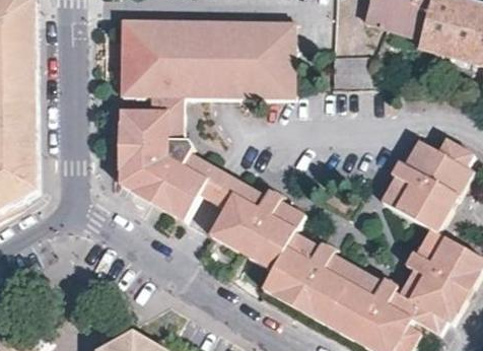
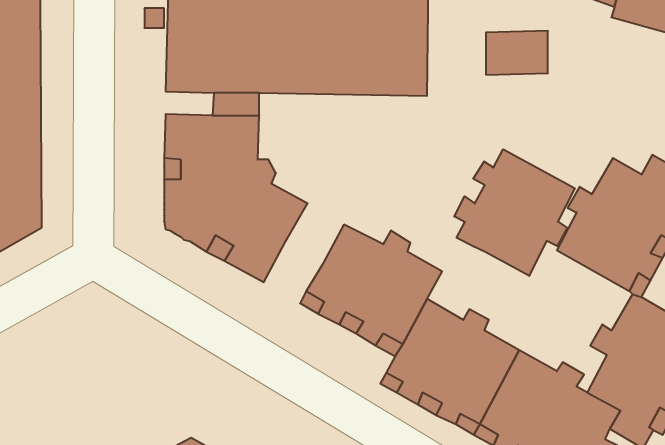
building: none -> [454,149,575,276]
building: [199,170,238,211] -> none

